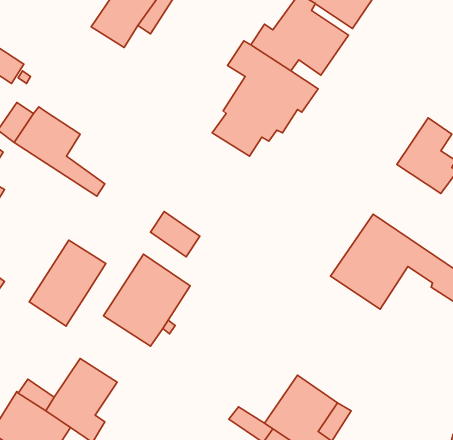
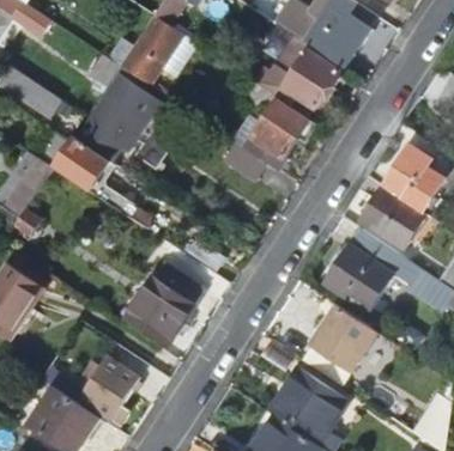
building: none -> [77,77,186,169]
building: none -> [361,185,424,232]
building: [29,240,106,326] -> none
building: none -> [299,305,376,383]

